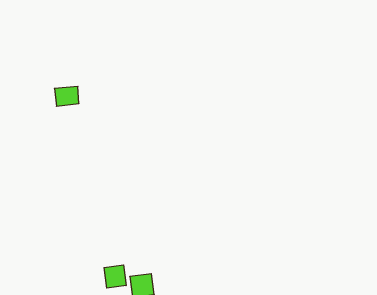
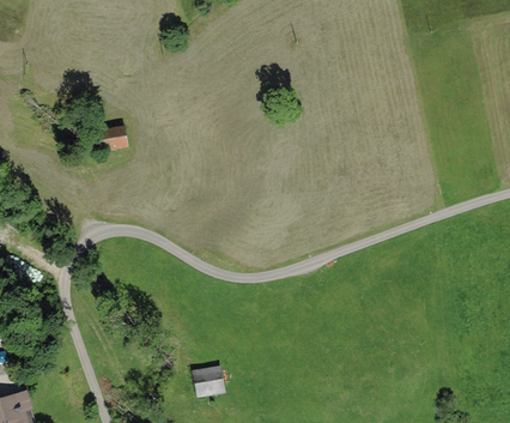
building: [104,265,126,288] -> none

